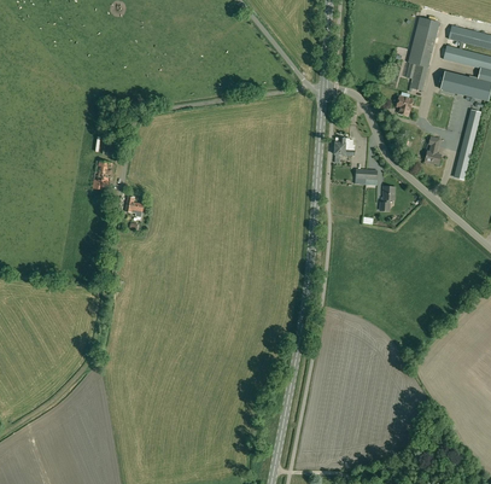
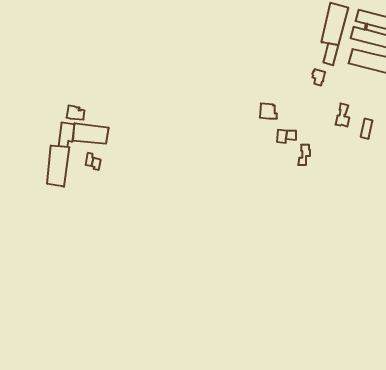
building: none -> [73,123,109,144]
building: none -> [47,145,69,187]

